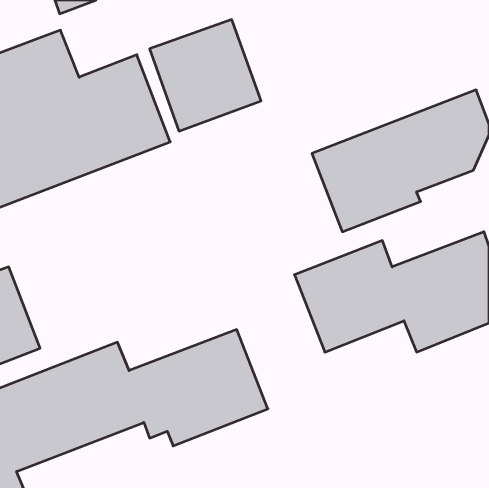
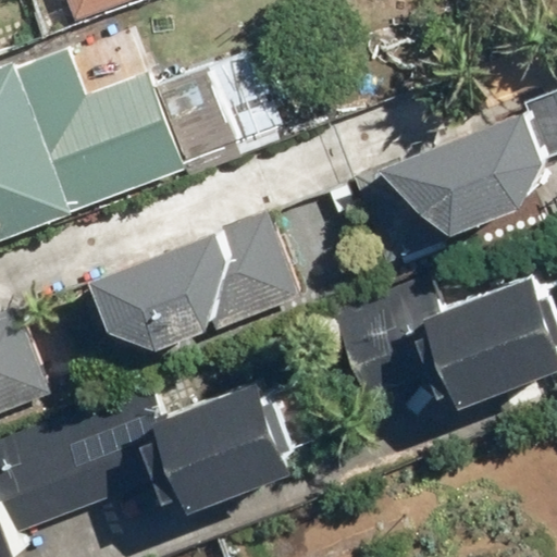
building: none -> [96,214,297,343]

